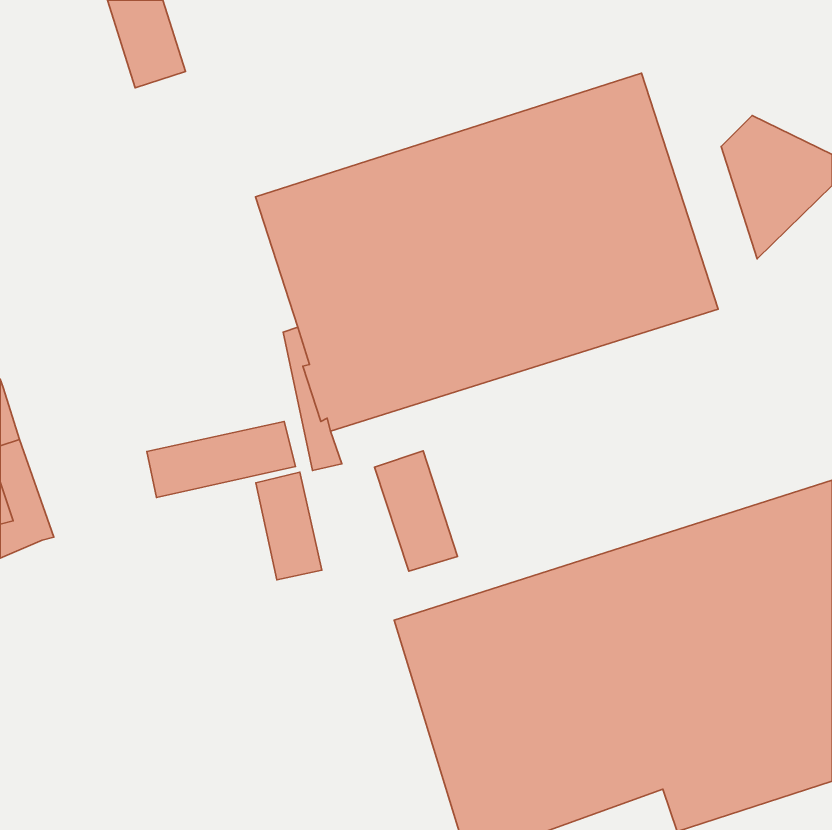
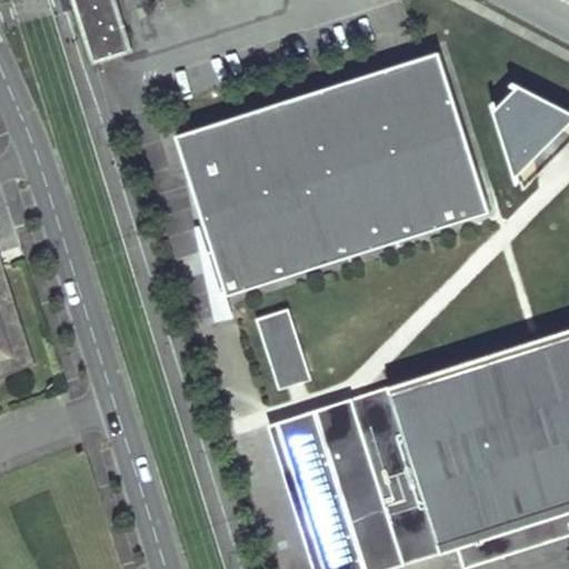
building: [147,421,296,497] -> none
building: [256,472,322,580] -> none

